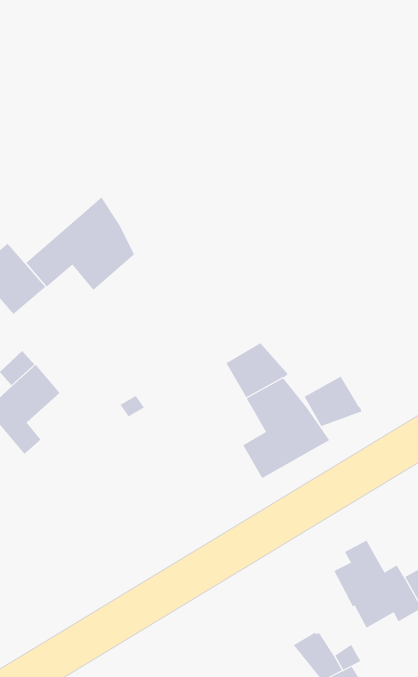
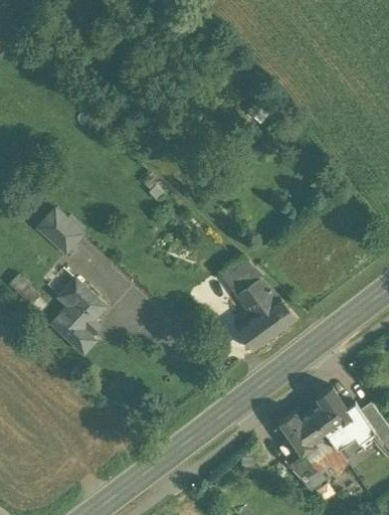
building: [26,197,134,291] -> none
building: [304,376,362,427] -> none
building: none -> [278,410,325,456]

